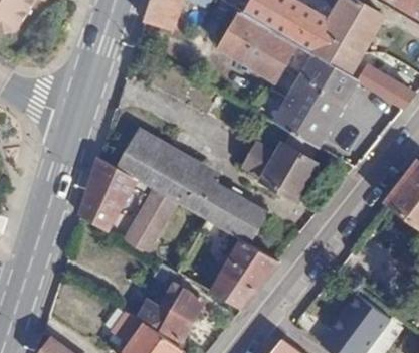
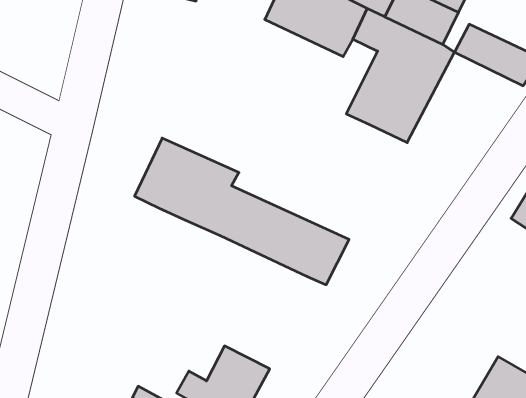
building: [246,130,319,200] -> none
building: [78,158,134,233] -> none
building: [121,188,176,252] -> none
building: [207,235,278,310] -> none

